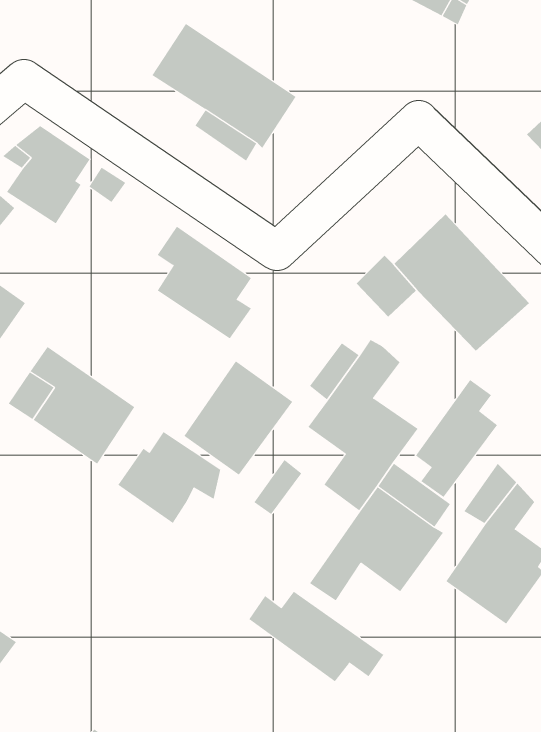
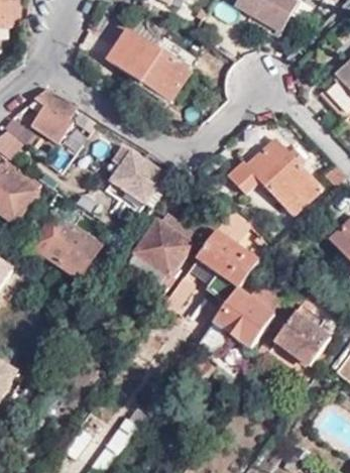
building: [415,379,498,498] -> none
building: [117,431,221,524] -> none
building: [249,591,384,682] -> none

